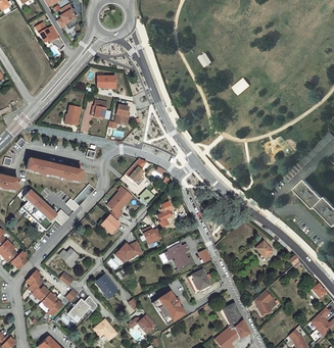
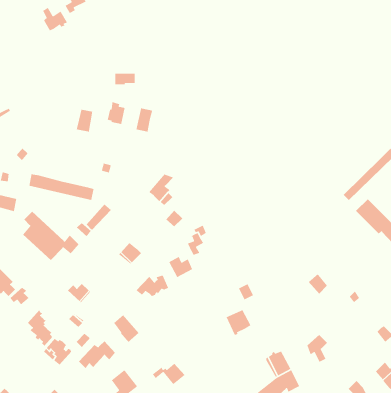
building: [106,187,132,220] -> none
building: [164,243,191,269] -> none
building: [152,292,184,325] -> none

